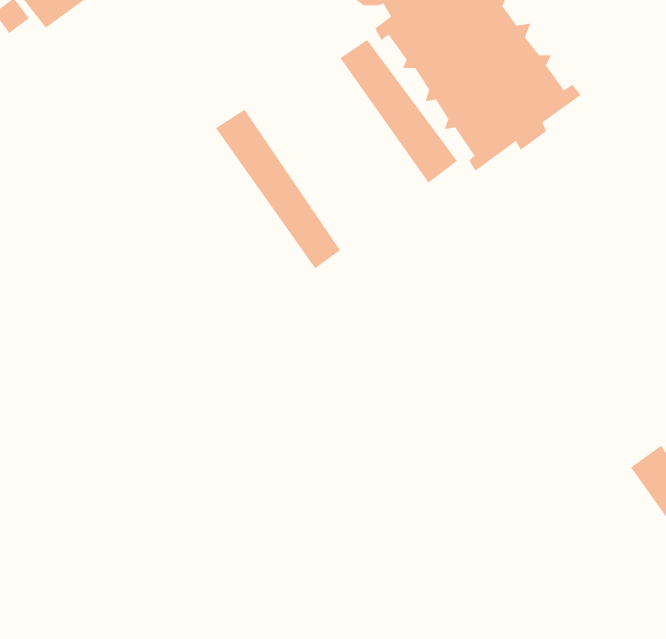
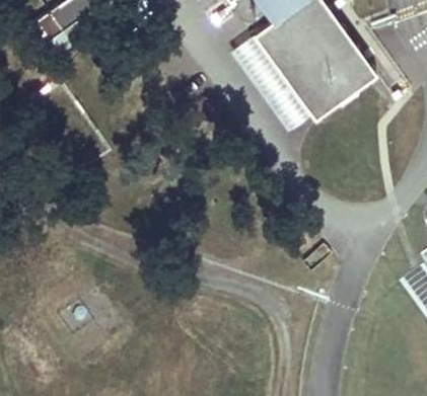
building: [215,109,341,269] -> none

